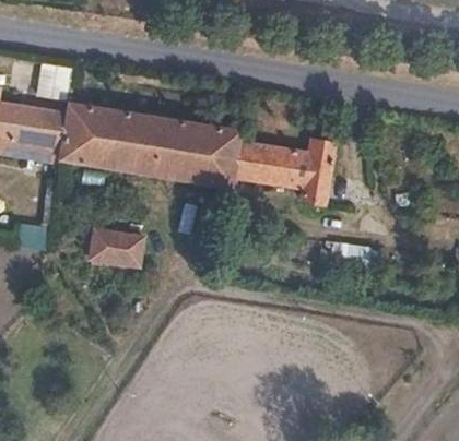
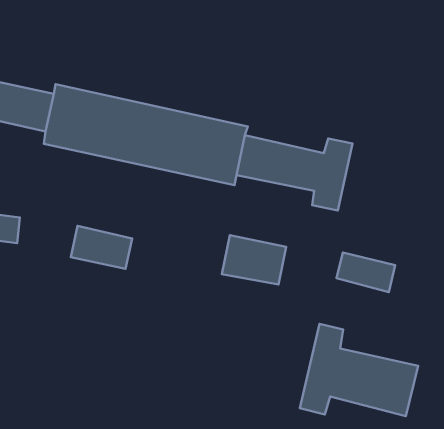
building: none -> [222,235,286,285]
building: none -> [300,324,418,416]

